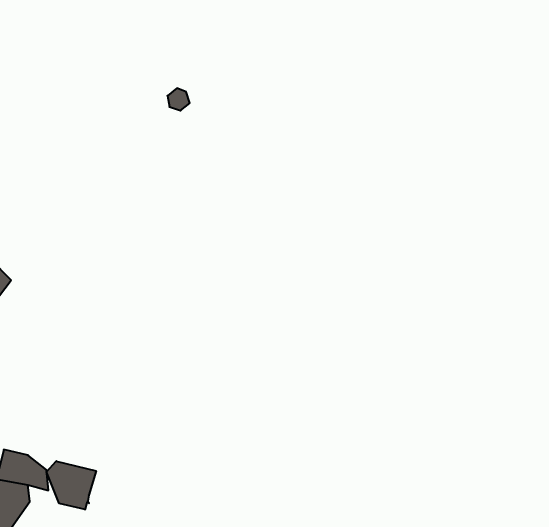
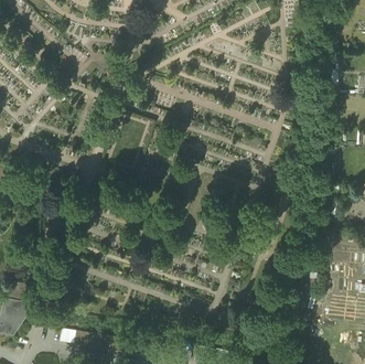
building: [47,461,96,510] -> none

